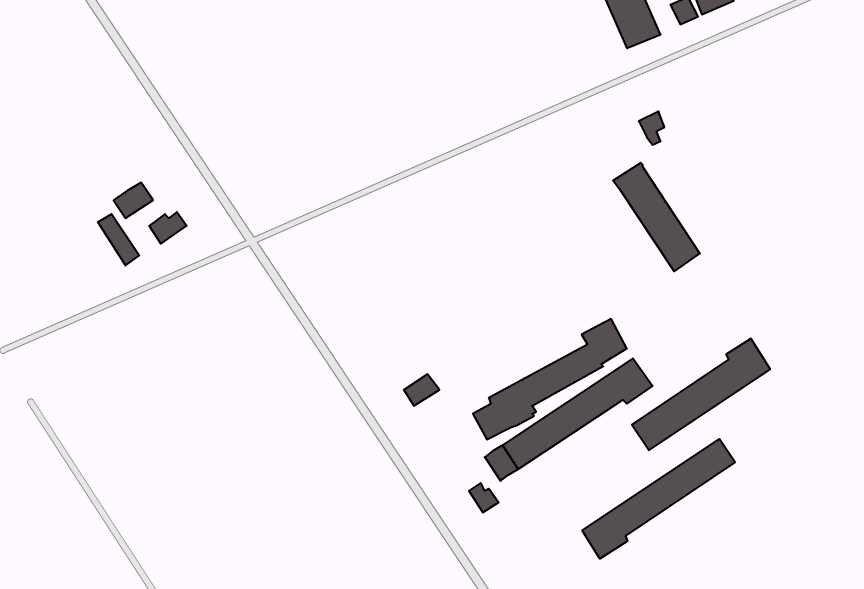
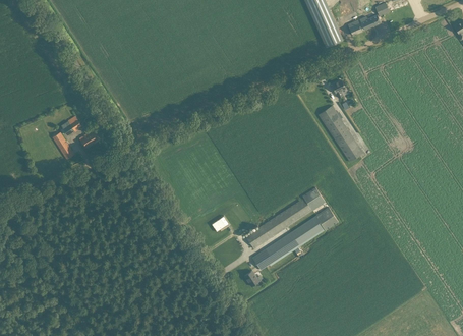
building: [632,338,770,450] -> none
building: [582,439,735,559] -> none

